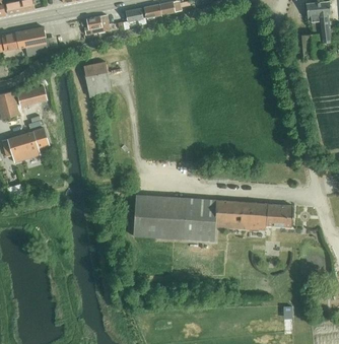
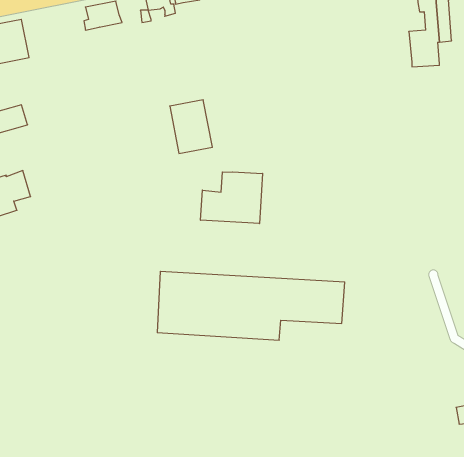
building: [82,61,111,96] -> [170,100,212,153]
building: none -> [201,172,263,224]
building: [256,201,292,229] -> none

